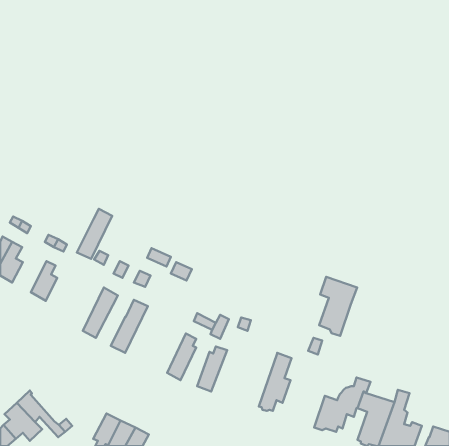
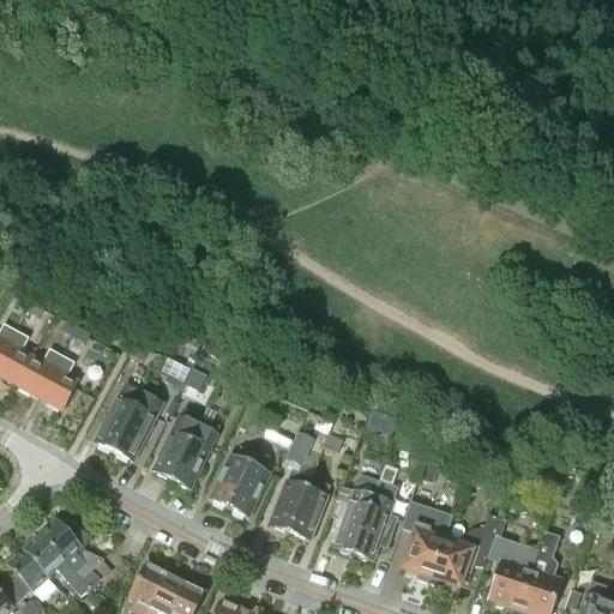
building: [77,209,112,259] -> [95,383,143,451]
building: none -> [18,348,65,398]
building: [319,277,357,336] -> [401,502,452,583]
building: none -> [171,417,219,489]
building: none -> [210,449,254,508]
building: none -> [329,476,379,554]
building: none -> [289,477,326,541]
building: none -> [42,520,91,574]

